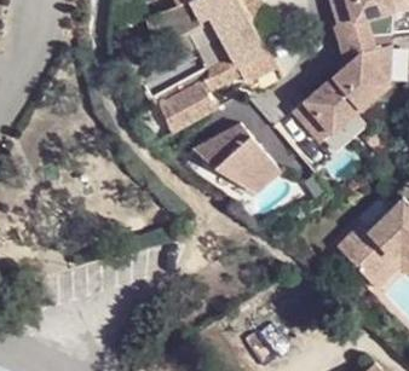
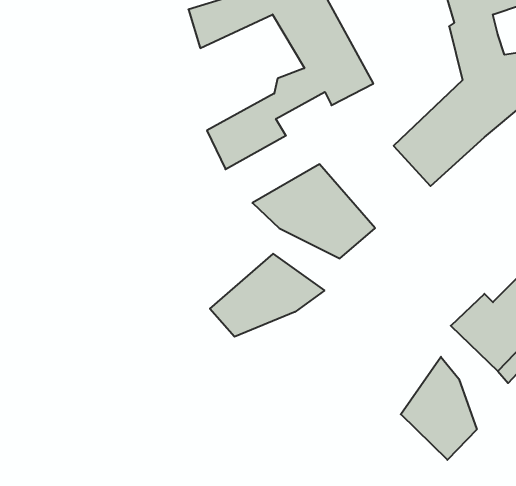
building: none -> [210,254,324,337]
building: none -> [401,357,477,460]

